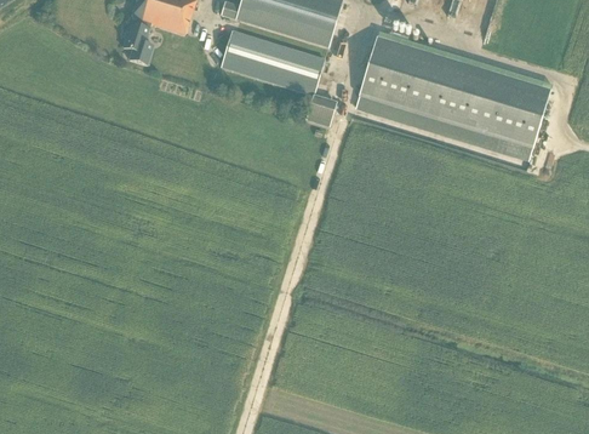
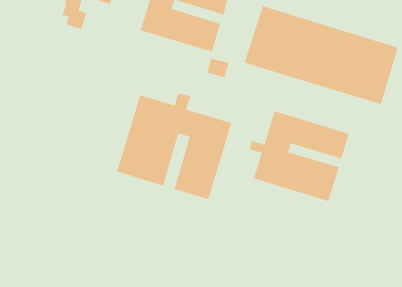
building: none -> [116,92,232,200]
building: none -> [249,111,349,202]

